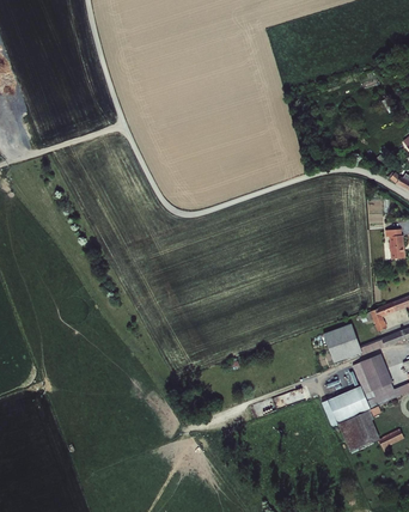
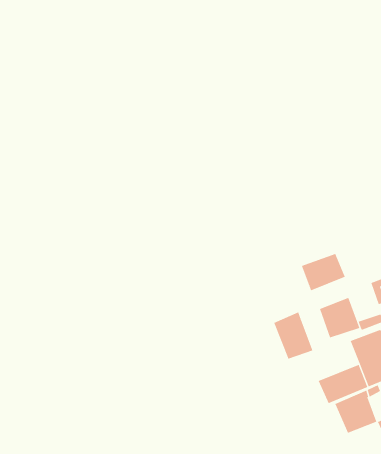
building: none -> [301,253,345,291]
building: none -> [274,311,313,359]

